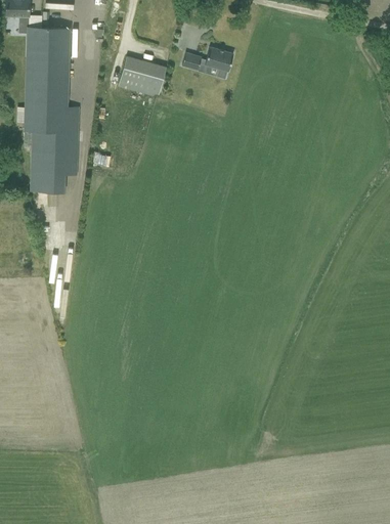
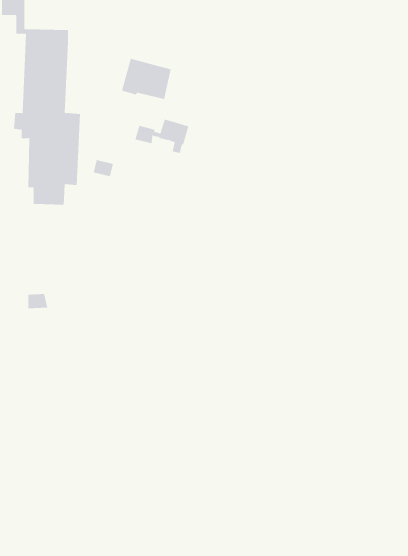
building: [182,46,233,79] -> [135,119,189,154]

